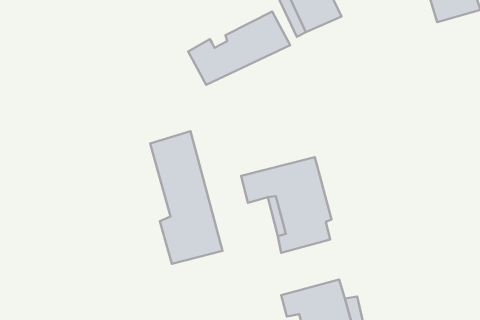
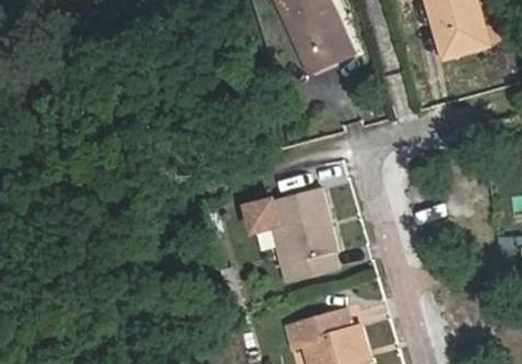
building: [188,12,290,85] -> none
building: [150,131,223,264] -> none

